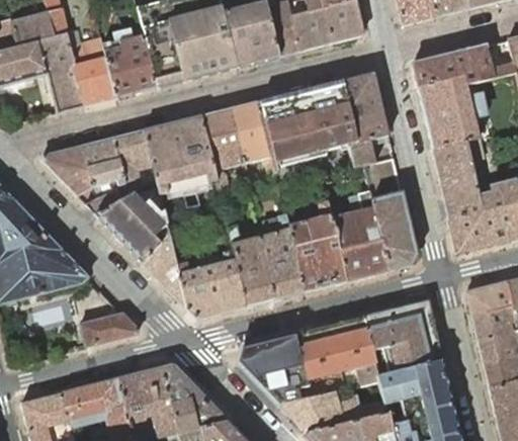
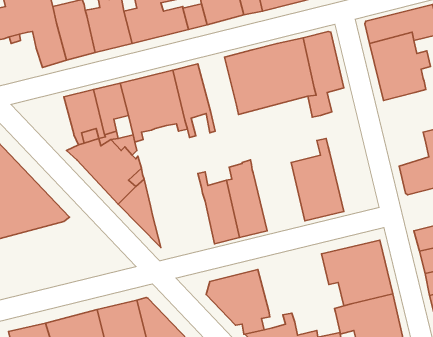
building: [229,101,277,182] -> none
building: [432,140,482,221] -> none
building: [41,145,93,194] -> none
building: [363,157,417,270] -> none
building: [288,200,346,291] -> none
building: [177,250,247,319] -> none
building: [81,313,140,346] -> none
building: [294,317,379,398] -> none

